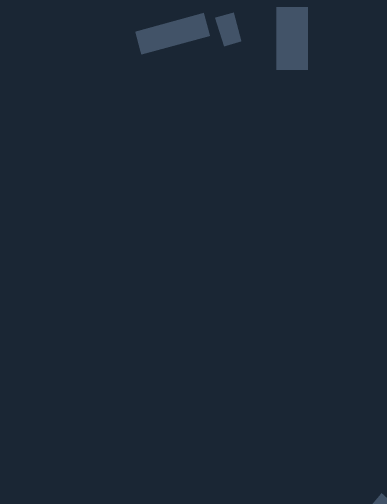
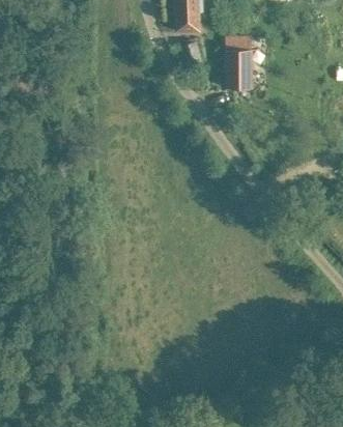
building: [134,12,211,56] -> none

